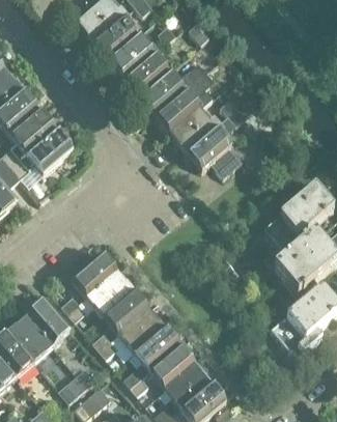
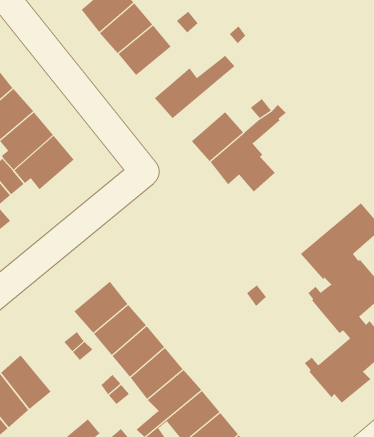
building: [124,53,170,96] -> none
building: [156,69,217,133] -> none
building: [27,298,73,344] -> none

